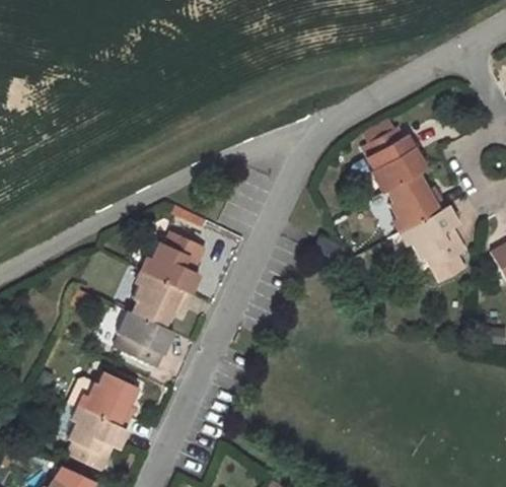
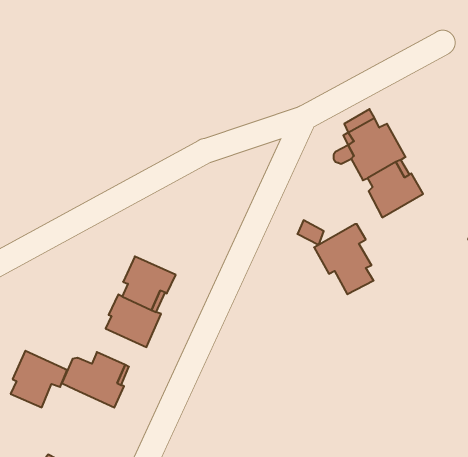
building: [404,207,465,280] -> [314,224,374,294]
building: [146,230,204,292] -> none
building: [68,410,127,469] -> [11,351,67,407]

